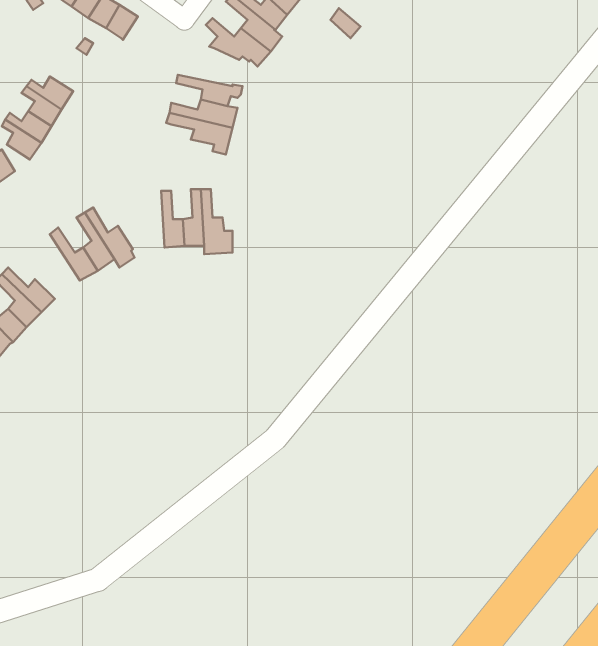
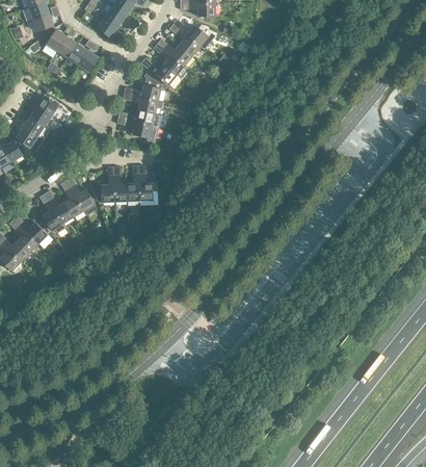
building: none -> [124,77,162,101]
building: none -> [97,166,115,202]
building: none -> [38,193,65,233]

